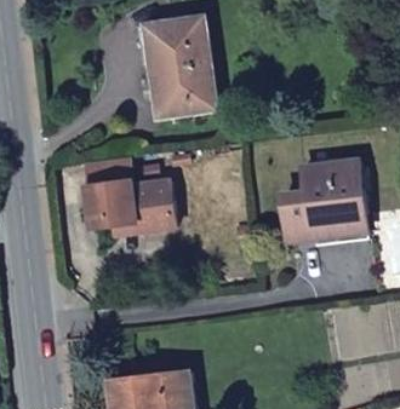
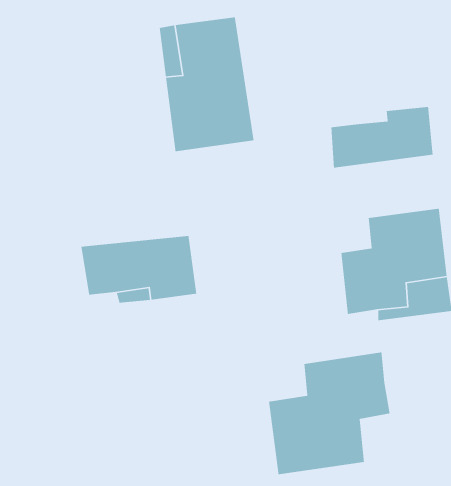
building: none -> [330,106,434,168]
building: none -> [268,351,390,475]

